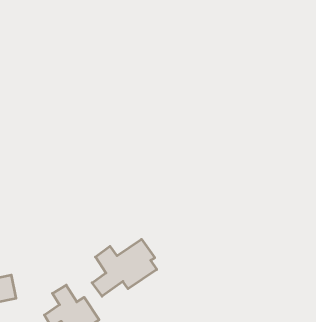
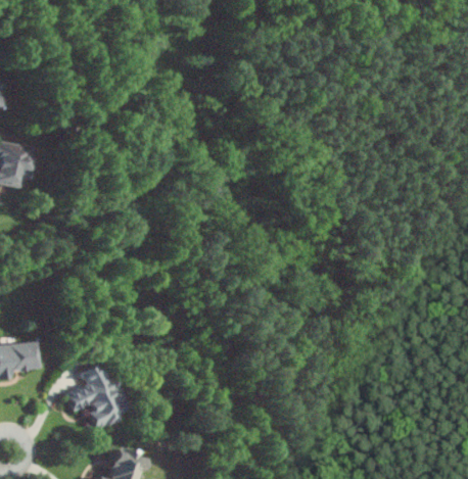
building: [92,239,157,296] -> none

